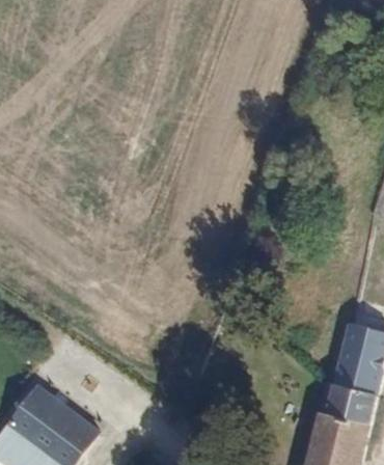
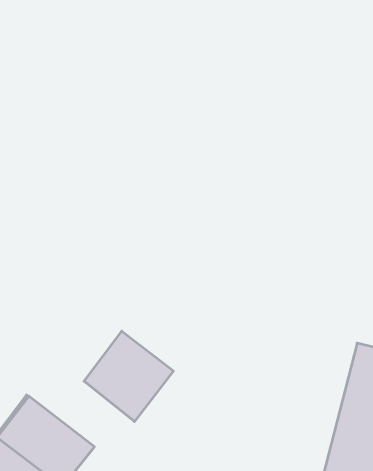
building: none -> [84,331,173,422]

